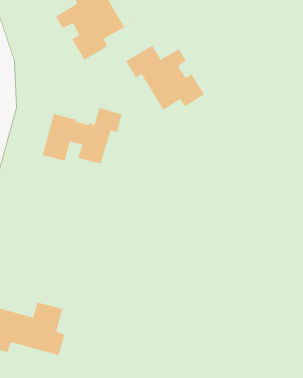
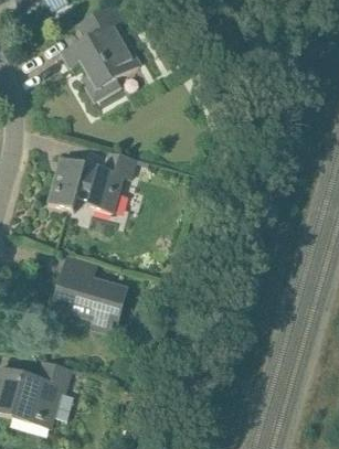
building: [125,45,205,114] -> none
building: none -> [56,257,125,333]

